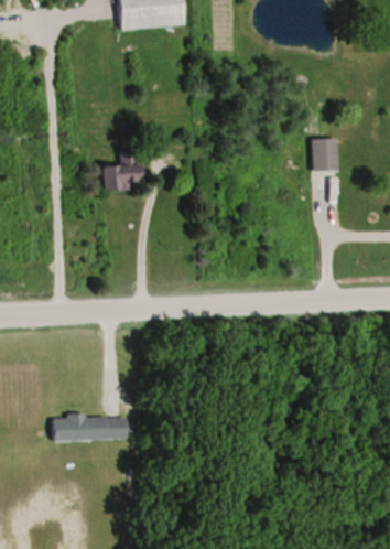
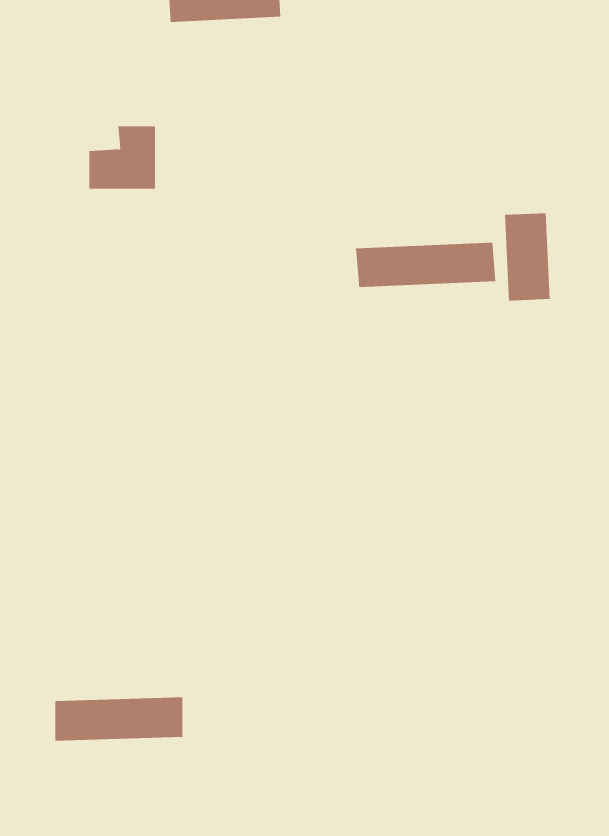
building: [104,152,142,189] -> [89,126,156,189]
building: none -> [356,242,496,288]

